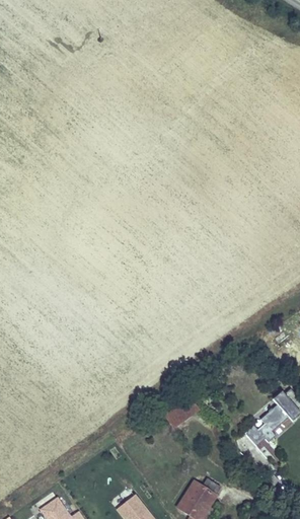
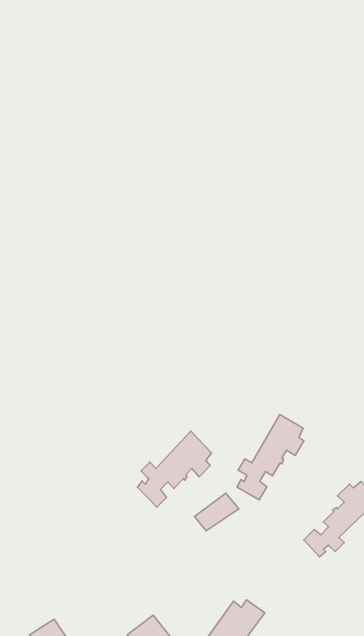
building: none -> [237,415,304,500]
building: none -> [138,431,212,507]

